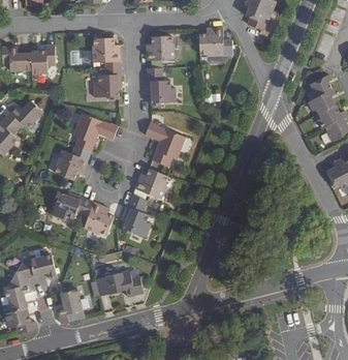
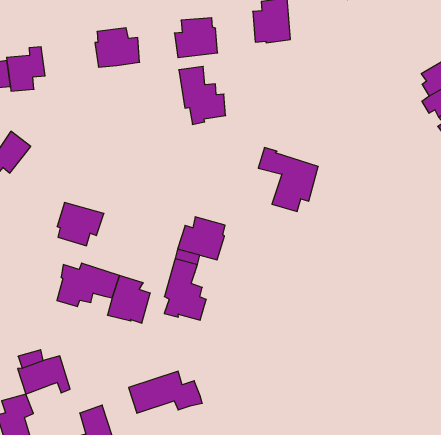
building: [92,61,120,99] -> none
building: [72,114,117,153] -> none
building: [144,121,184,166] -> [258,148,318,211]

